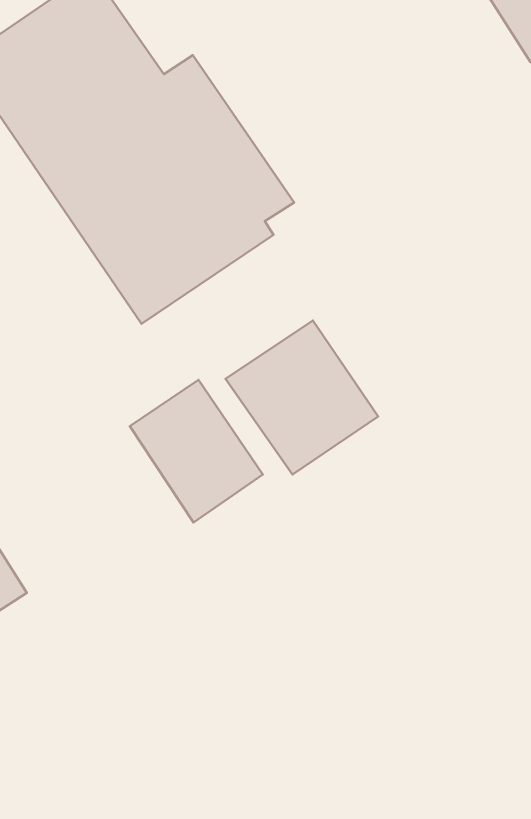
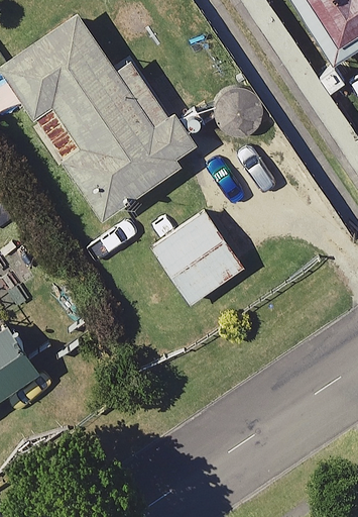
building: [130,380,263,522] -> none

